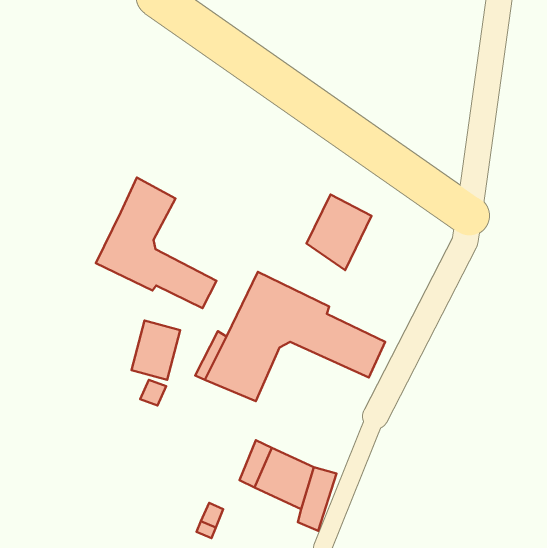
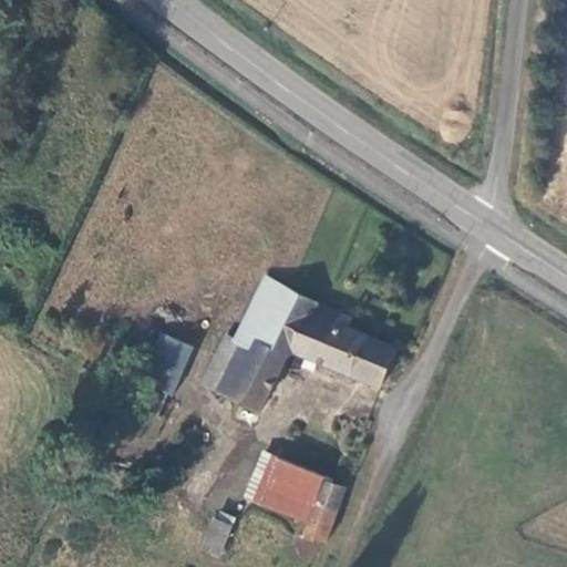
building: [96,178,217,308] -> none
building: [307,194,372,270] -> none

